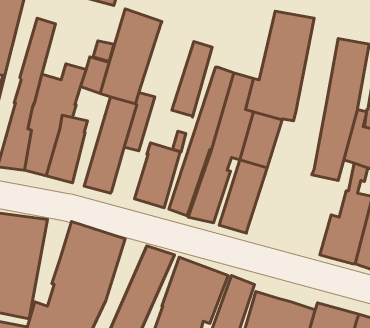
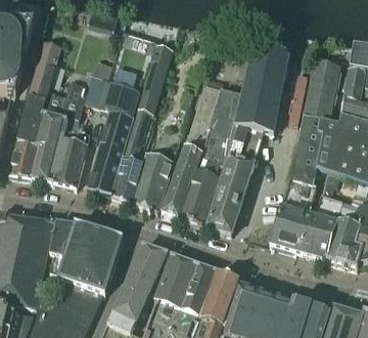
building: [172,42,212,117] -> [135,43,171,111]
building: none -> [110,154,143,200]
building: none -> [269,178,315,250]
building: none -> [48,218,75,271]

